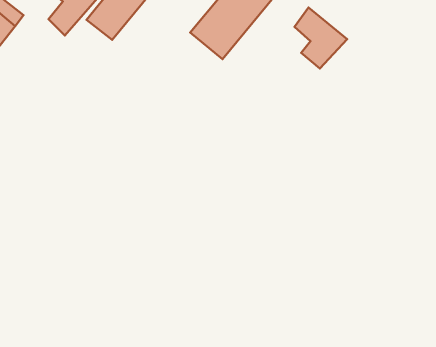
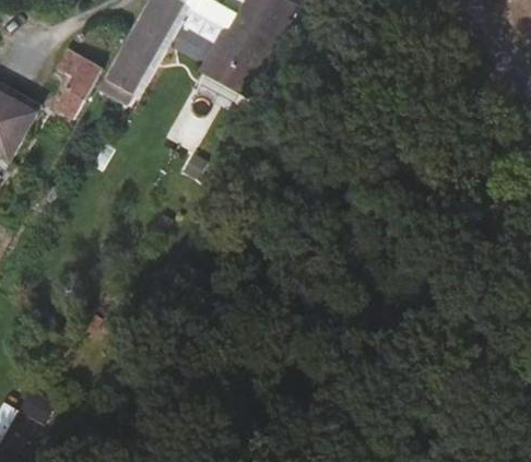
building: [295,7,347,68] -> none

